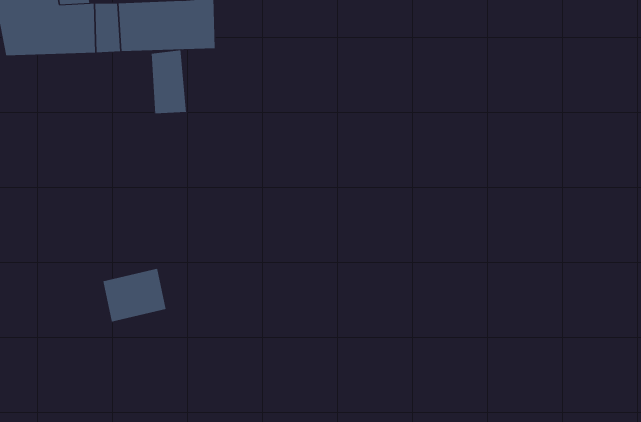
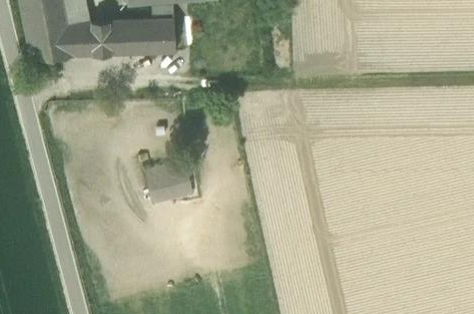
building: [151,50,187,114] -> none
building: [102,268,167,322] -> [145,165,189,202]

